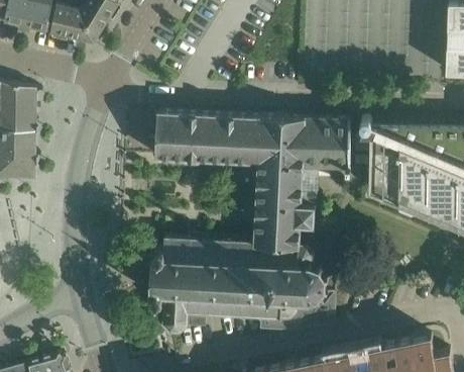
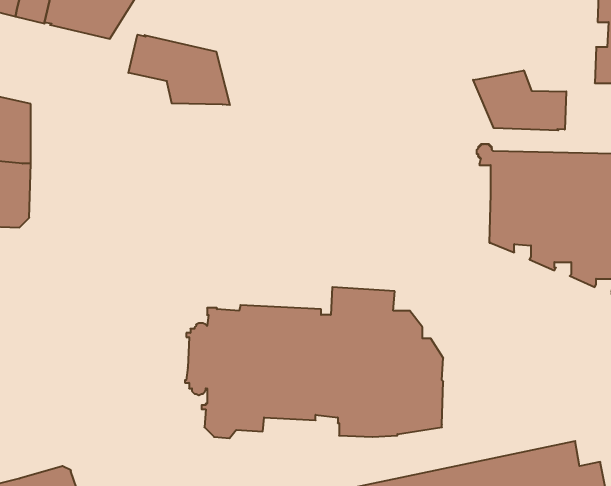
building: none -> [128,35,230,105]
building: none -> [473,70,566,130]
building: [154,111,350,224] -> none

